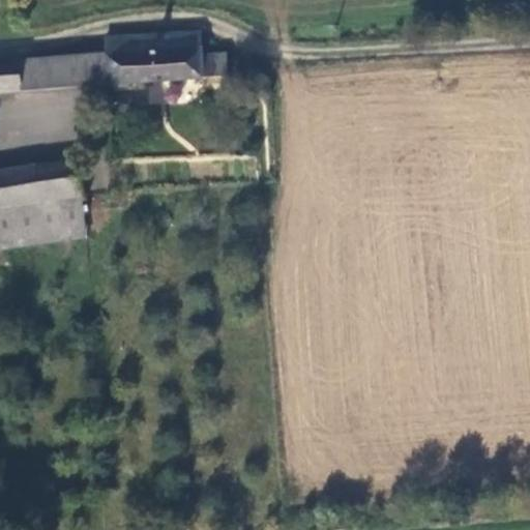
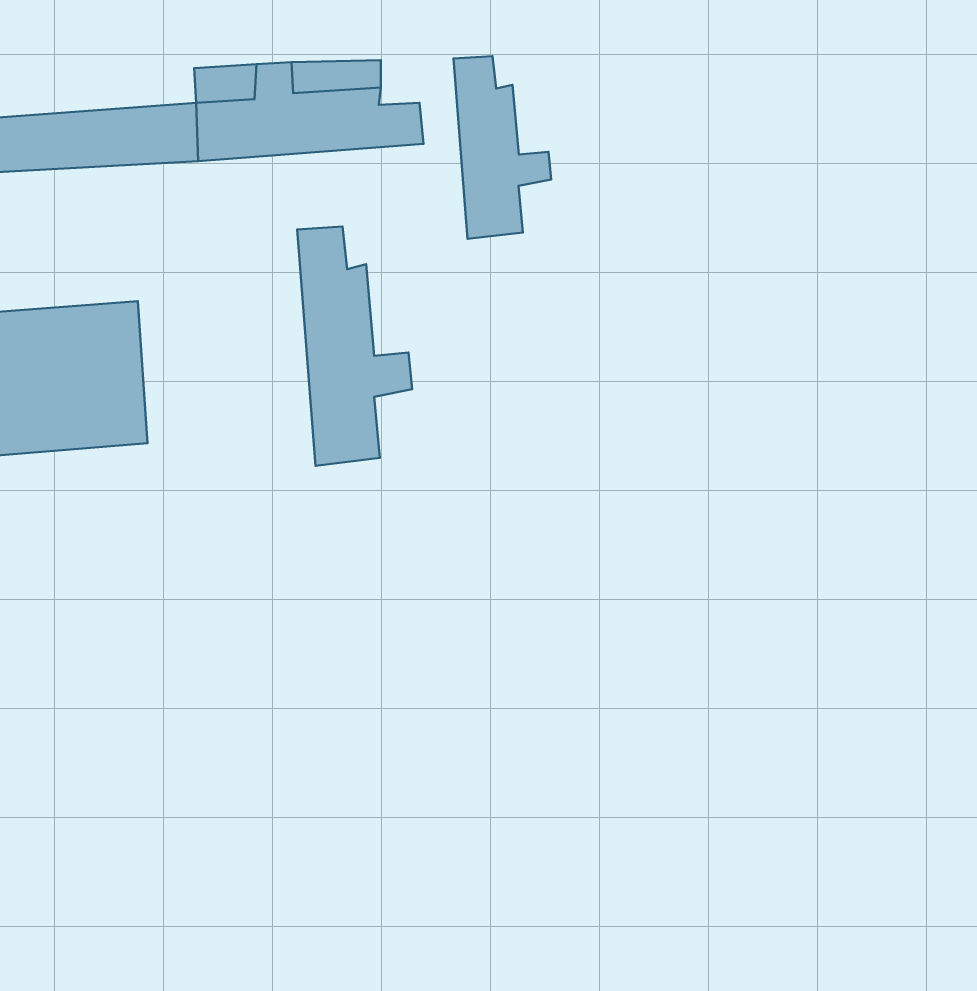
building: none -> [454,56,551,239]
building: none -> [297,227,412,466]

